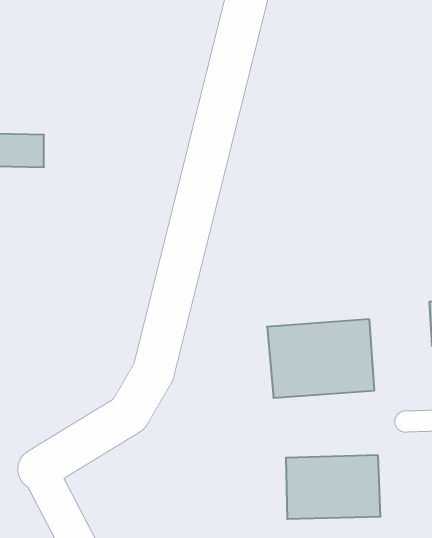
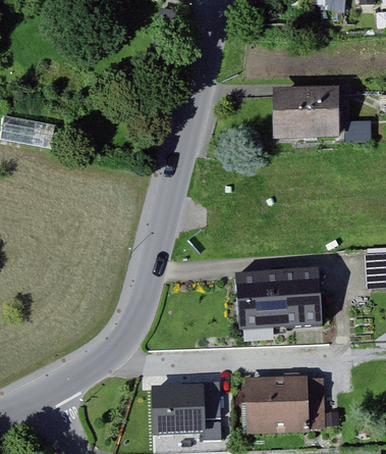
building: none -> [270,95,339,141]
building: none -> [167,371,225,427]

